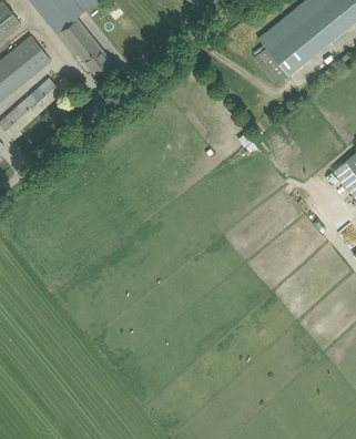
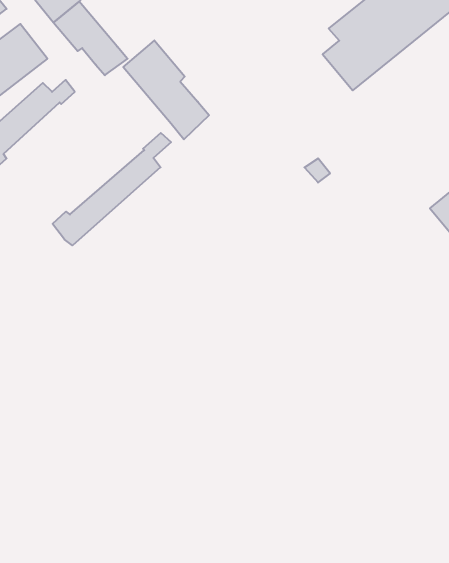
building: none -> [123,40,209,139]
building: none -> [53,133,171,245]

